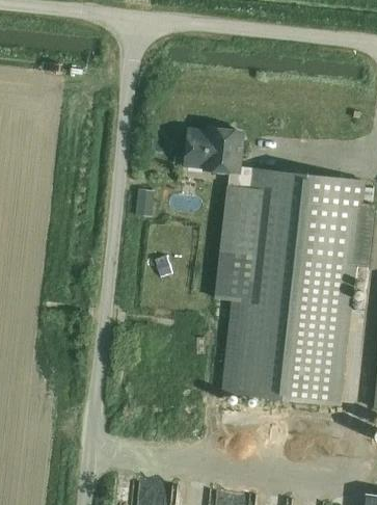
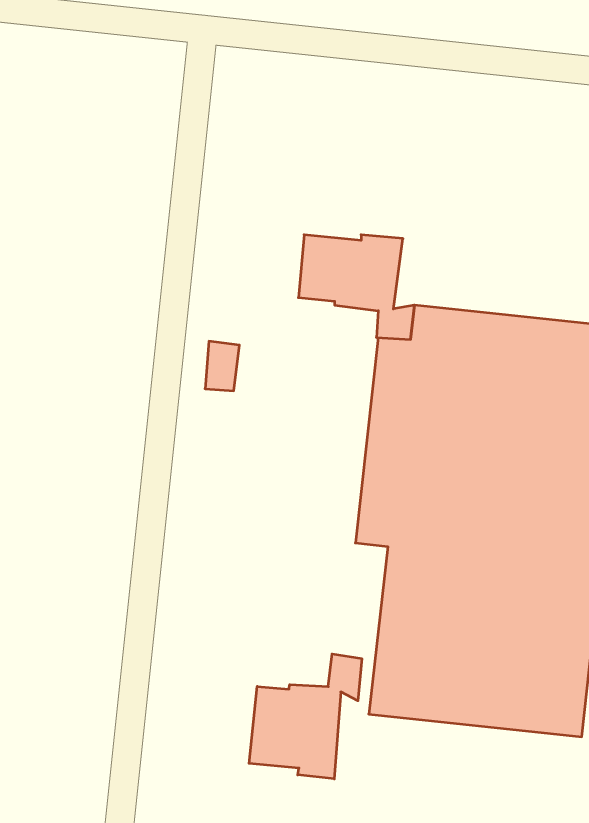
building: none -> [249,654,362,779]

